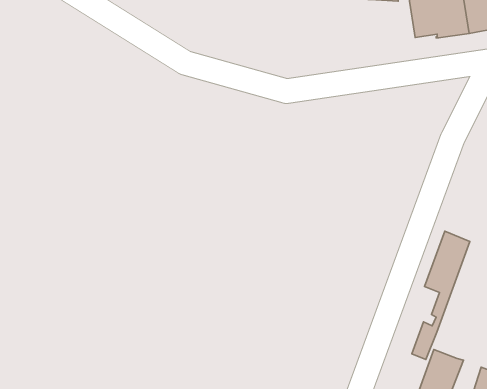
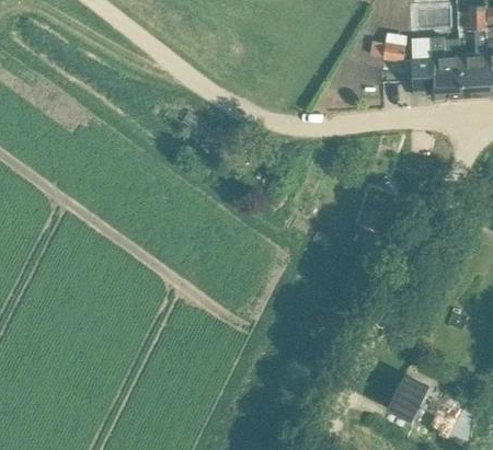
building: [412,231,470,359] -> none

